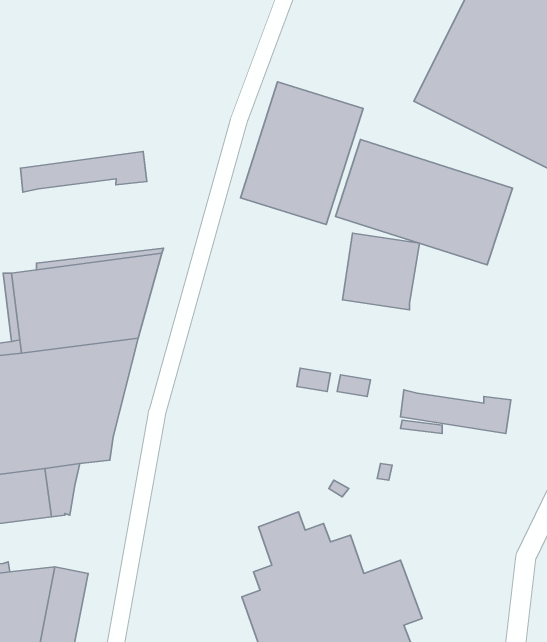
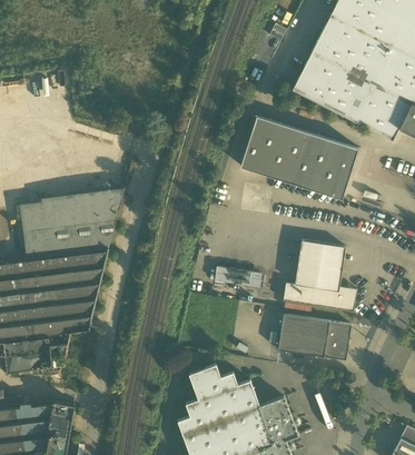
building: [241,82,363,225] -> none
building: [20,152,147,192] -> none
building: [343,233,419,310] -> [295,240,346,291]
building: none -> [278,315,352,360]

